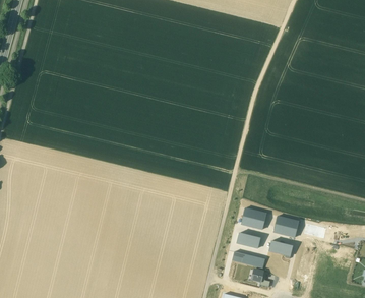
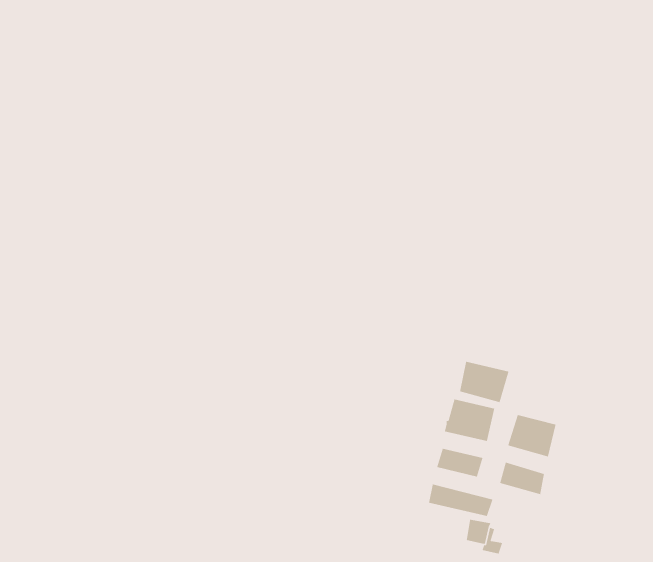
building: none -> [459,361,510,403]

